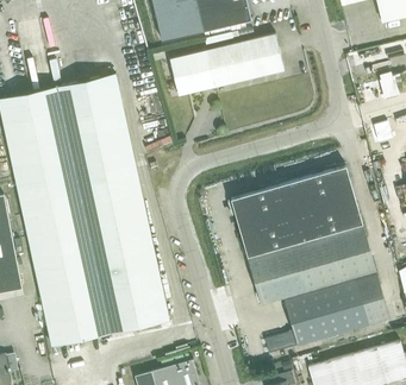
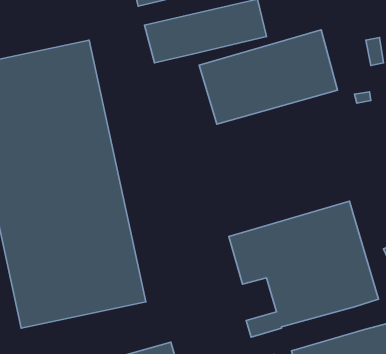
building: [230,166,361,255] -> [199,30,338,124]

